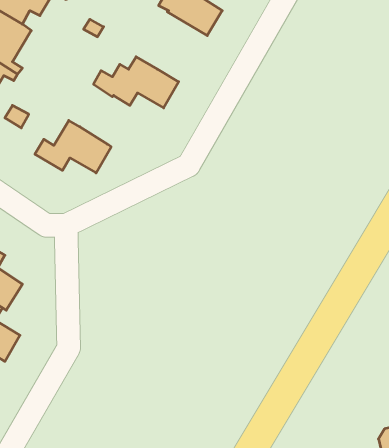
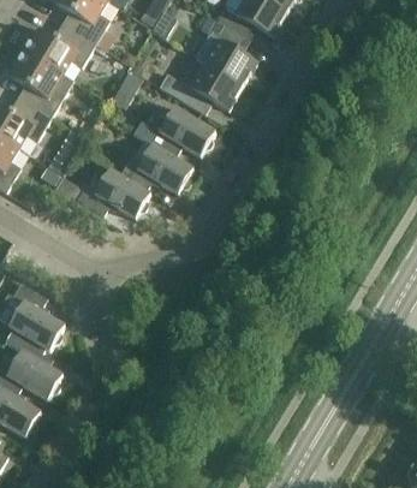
building: none -> [159,63,242,109]
building: none -> [119,143,192,192]

